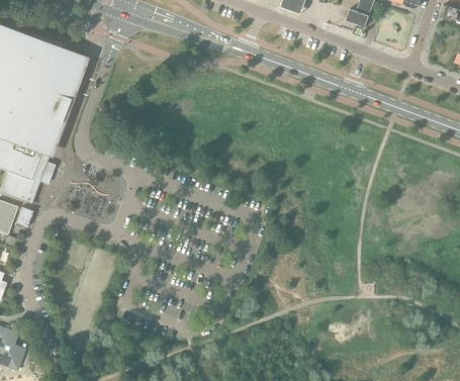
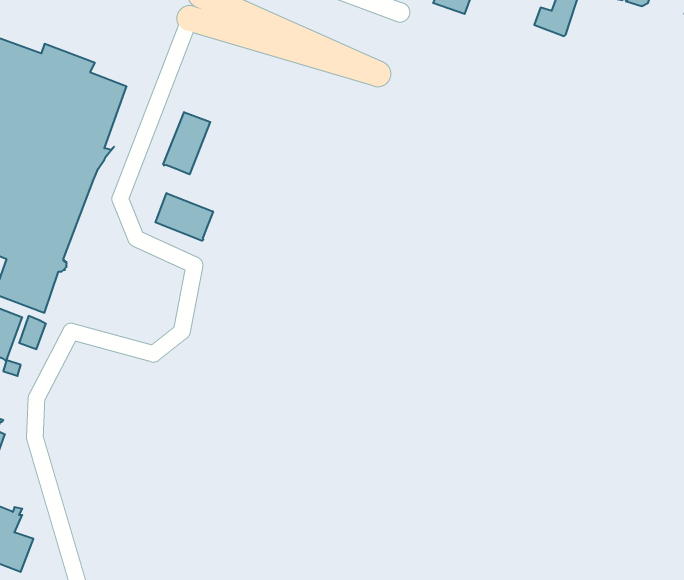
building: none -> [163,112,210,174]
building: none -> [155,193,213,241]

